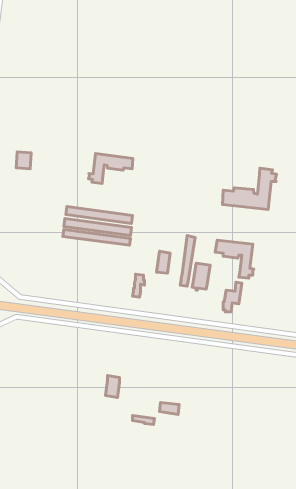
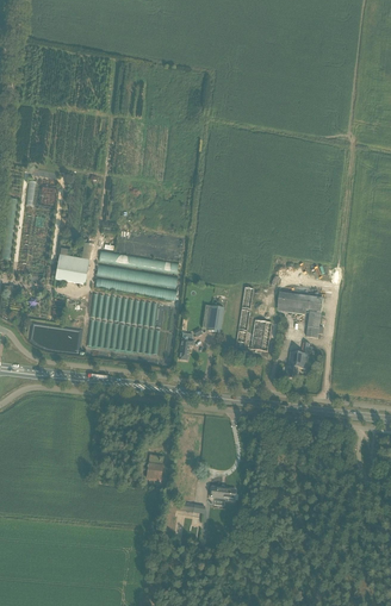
building: [89,153,133,184] -> none
building: [222,168,277,210] -> none
building: none -> [54,254,88,283]

